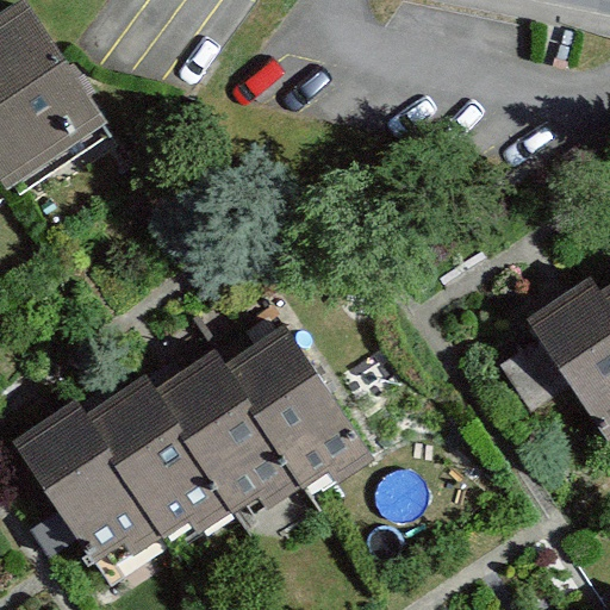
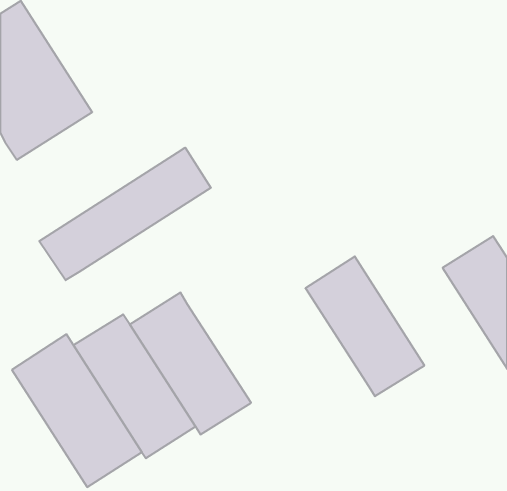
building: none -> [39,148,211,280]
building: [225,328,368,496] -> [305,256,424,396]

